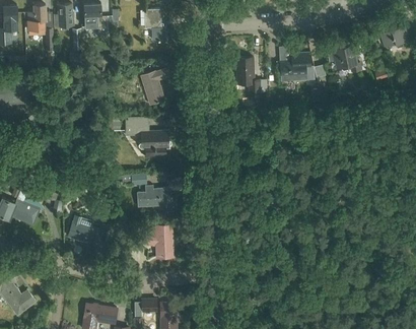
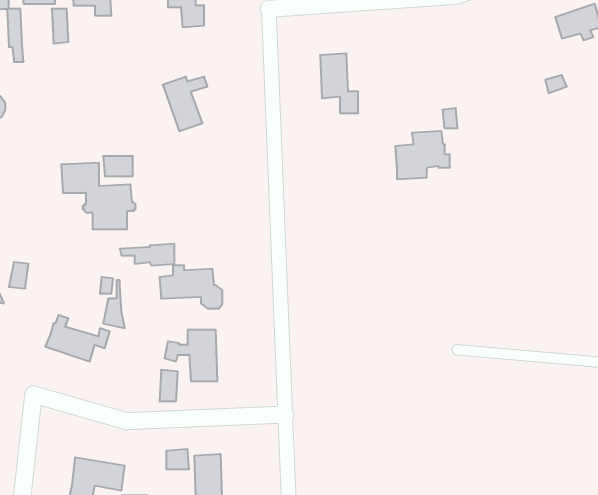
building: [327,47,361,73] -> none
building: [281,54,315,83] -> [395,131,450,179]
building: [126,118,171,158] -> [61,163,136,229]

